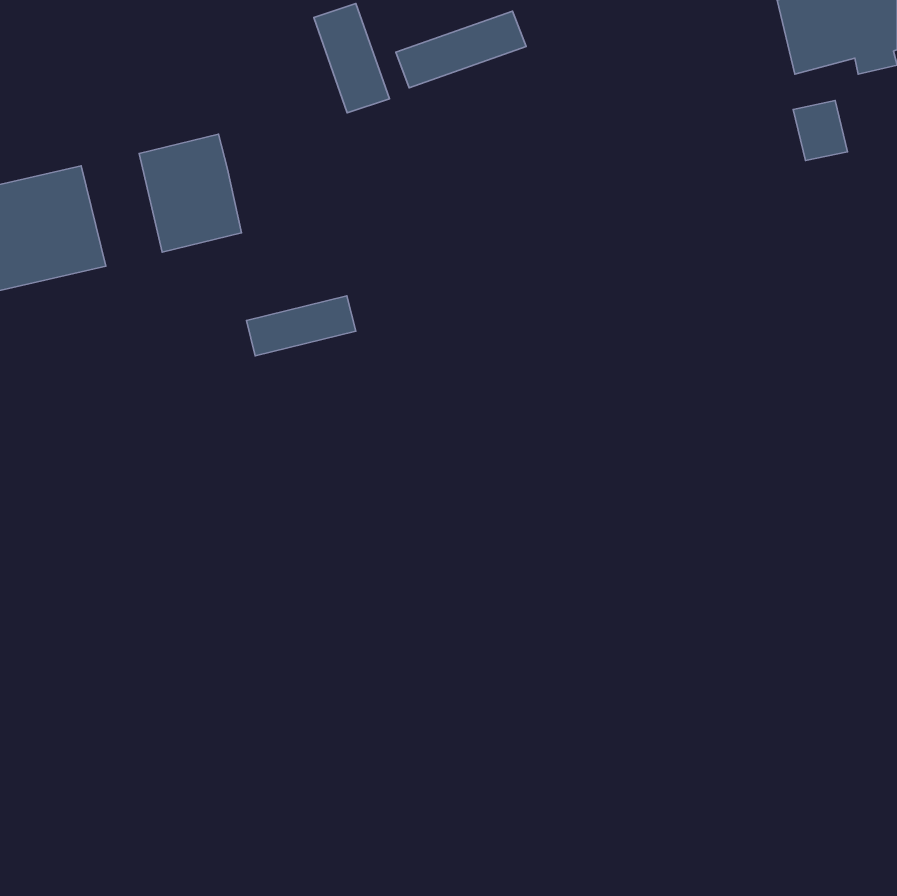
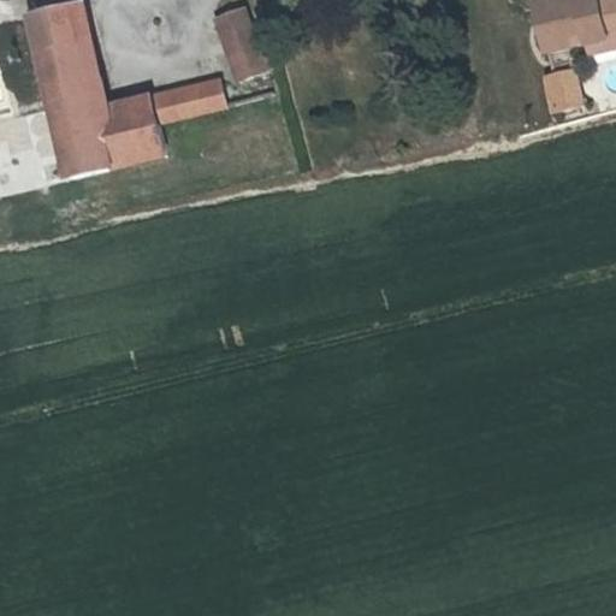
building: [396,11,526,88] -> none
building: none -> [32,13,111,182]
building: [246,296,356,356] -> [149,75,224,116]

